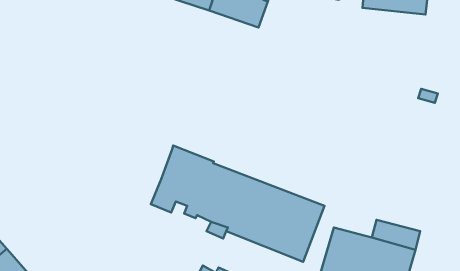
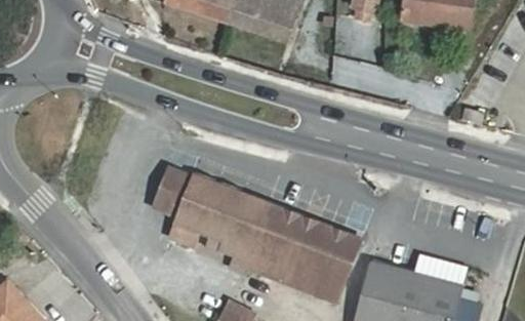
building: none -> [157,169,192,210]

